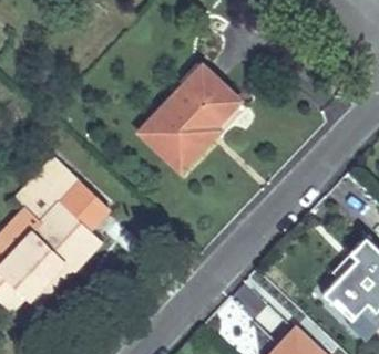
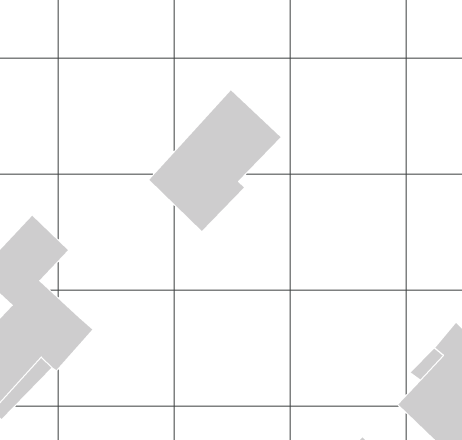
building: [62,184,112,232] -> none

